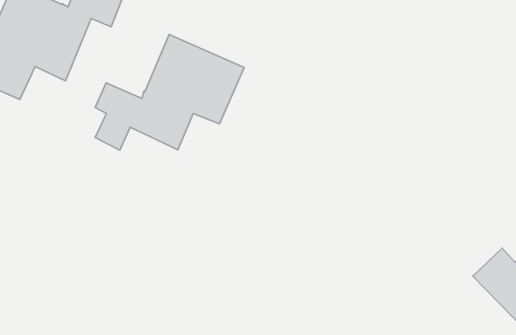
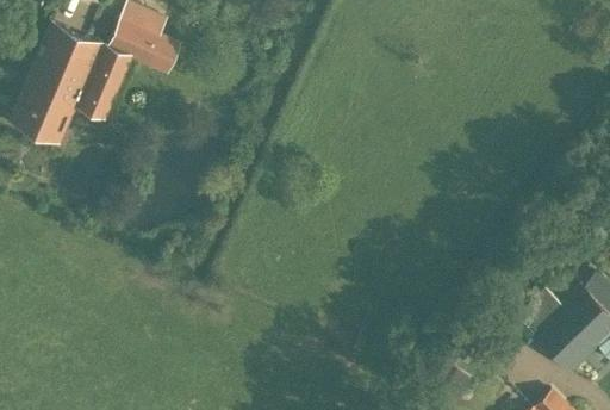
building: [95,35,244,150] -> none

